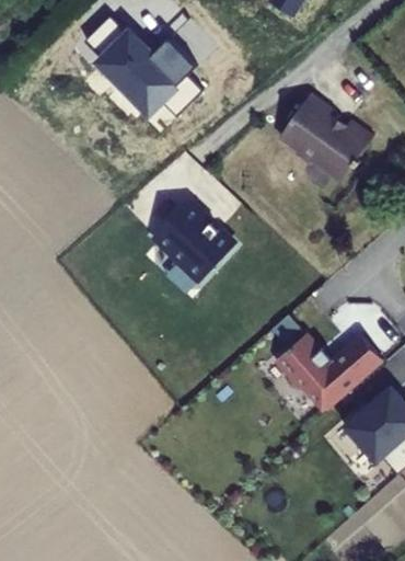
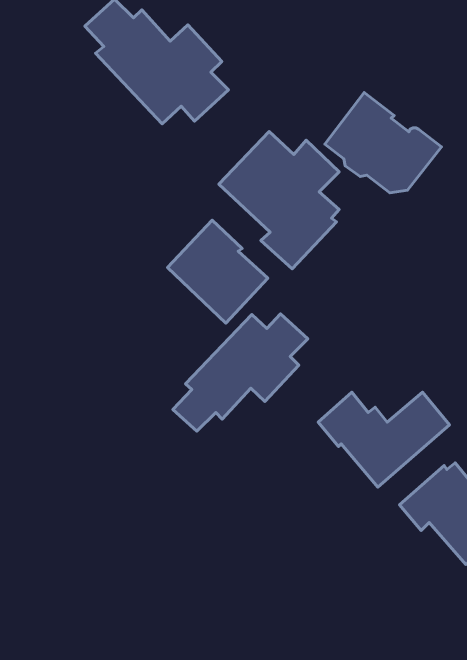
building: none -> [219,132,339,269]
building: none -> [173,314,308,431]

